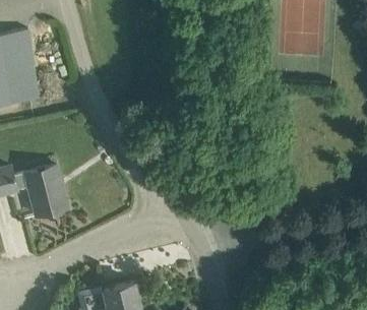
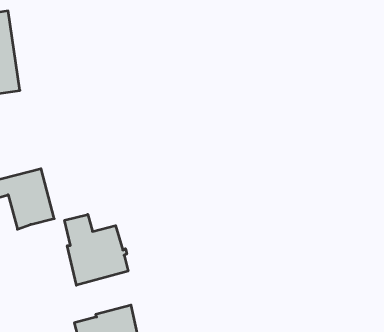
building: none -> [65,214,128,285]

